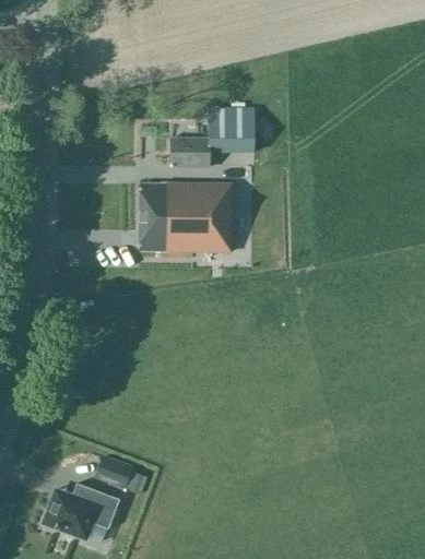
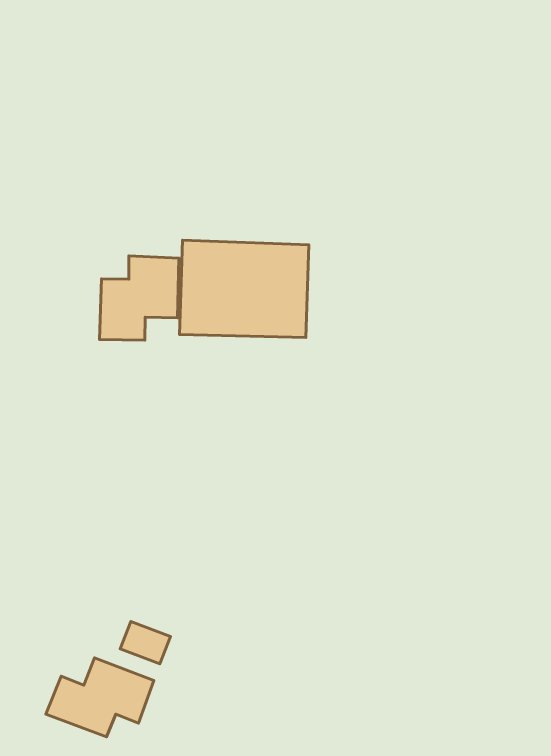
building: [172,106,253,166] -> none
building: none -> [100,256,179,340]

